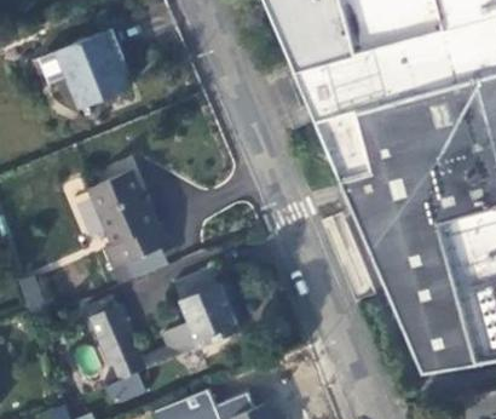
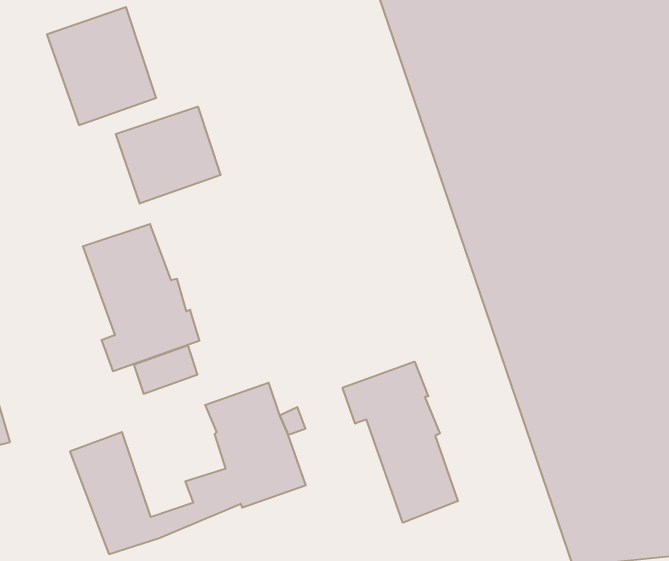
building: none -> [116,107,221,204]
building: none -> [343,362,458,523]

